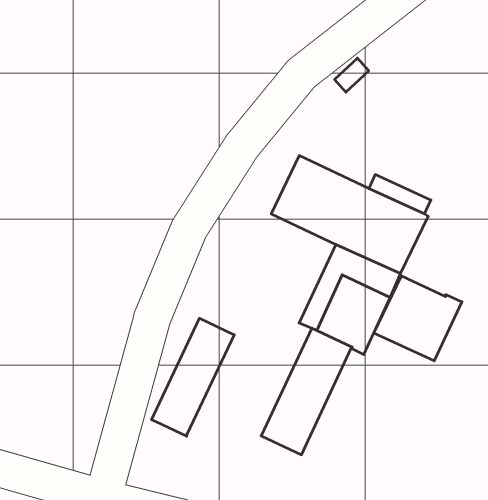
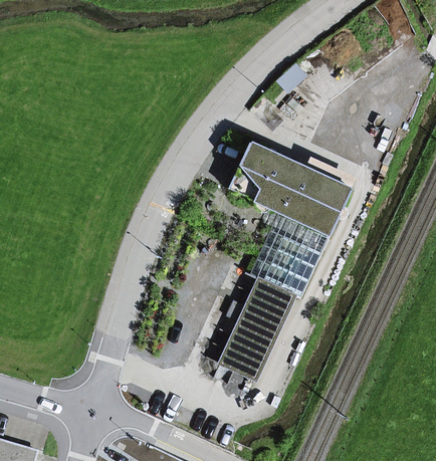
building: [374,276,462,361] -> none
building: [152,318,234,436] -> none

